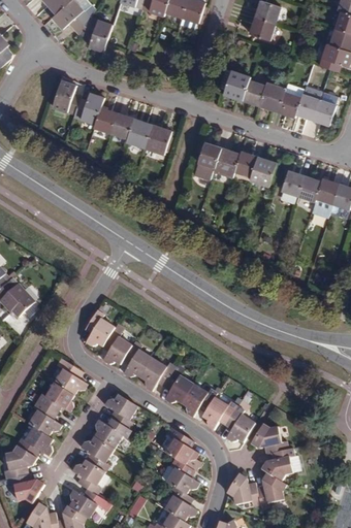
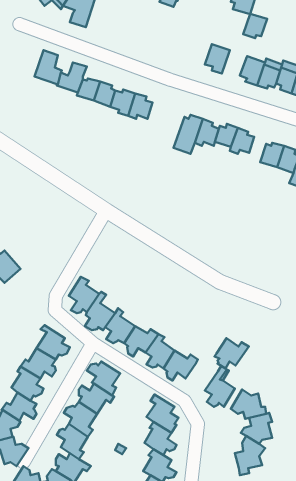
building: [242,80,266,105] -> [243,14,267,38]
building: [202,398,237,429] -> [214,338,249,368]
building: [228,473,259,507] -> none

